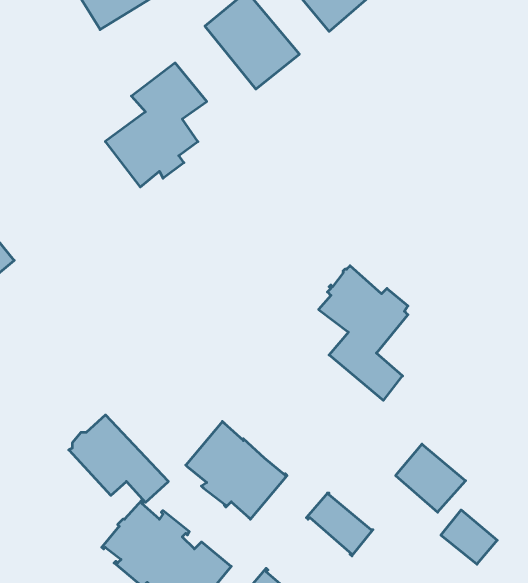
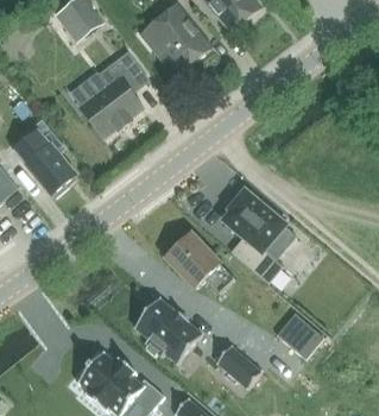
building: none -> [13,119,77,196]
building: [69,415,168,502] -> [166,233,234,292]
building: [441,510,497,564] -> none

